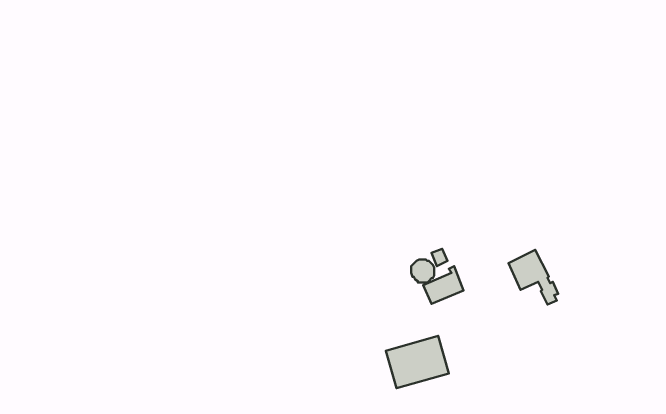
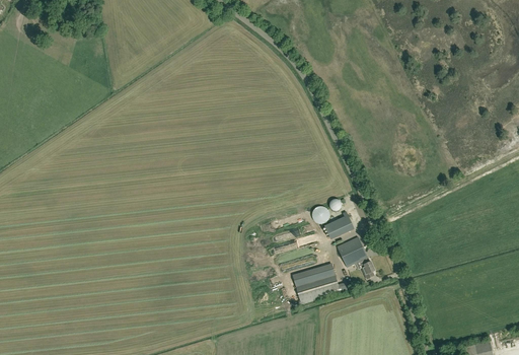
building: [509,250,558,305] -> [338,235,375,277]

